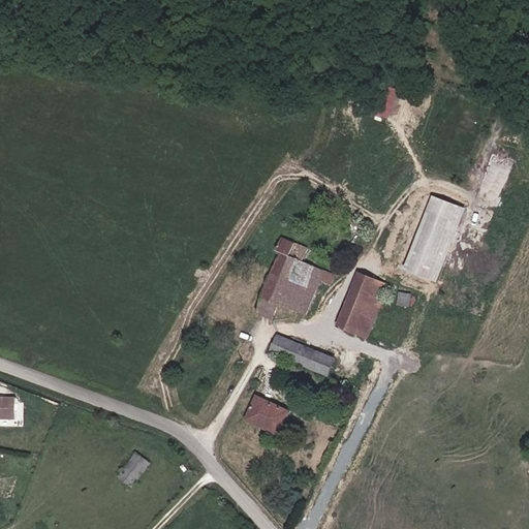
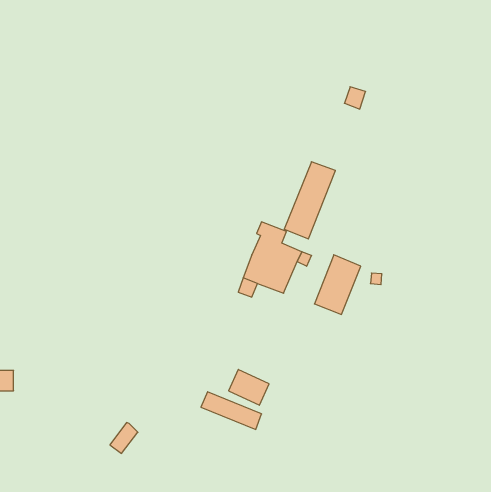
building: [403,196,458,279] -> [284,162,335,239]
building: [269,335,334,375] -> [201,392,262,429]

